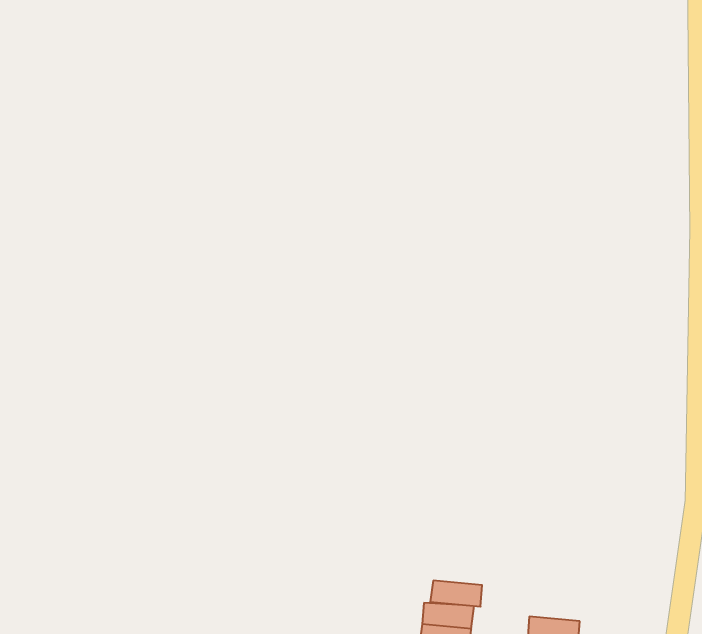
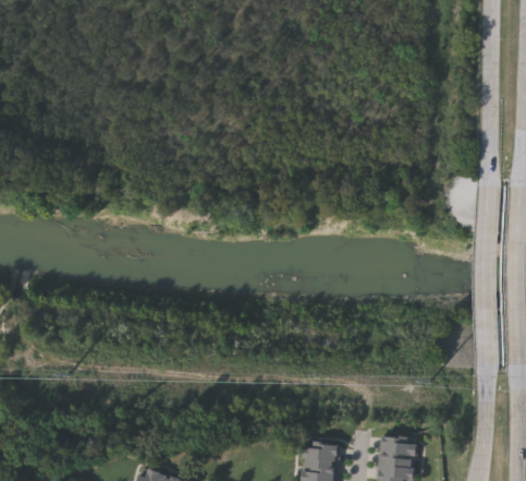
building: [430,581,482,607] -> [379,437,416,456]

